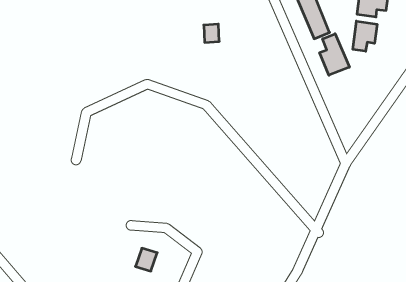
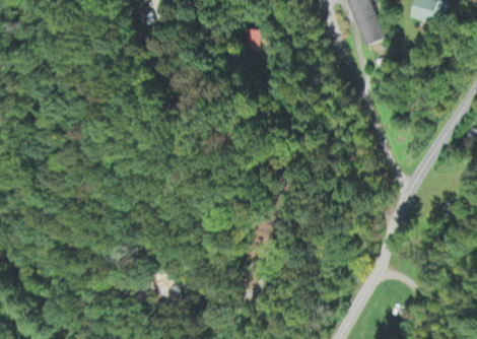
building: [353,21,377,51] -> none
building: [320,34,349,75] -> none

